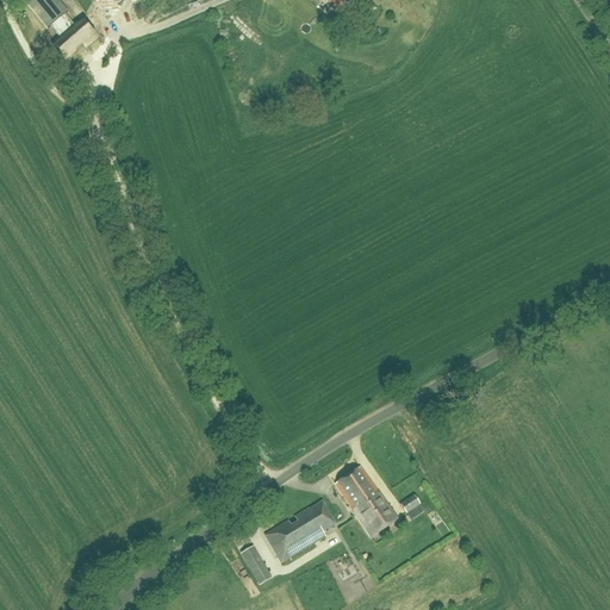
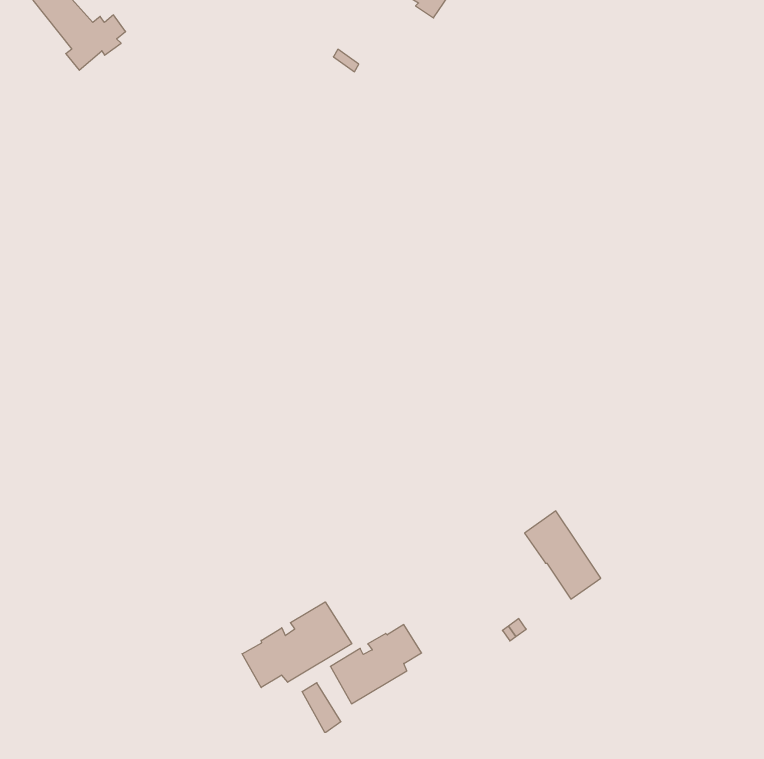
building: [335,465,396,535] -> [525,511,601,599]
building: none -> [242,602,352,688]

